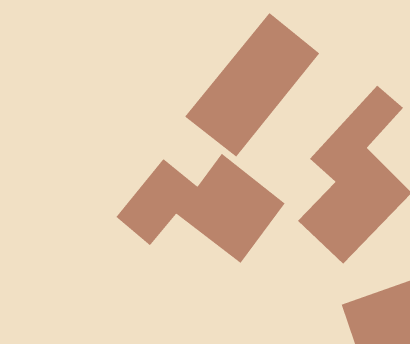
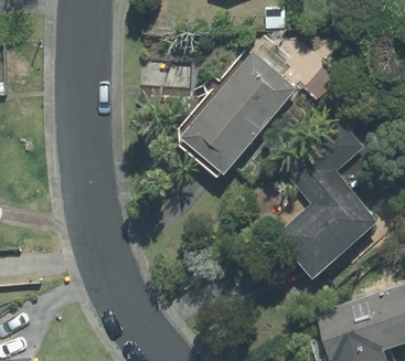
building: [116,153,285,264] -> none

